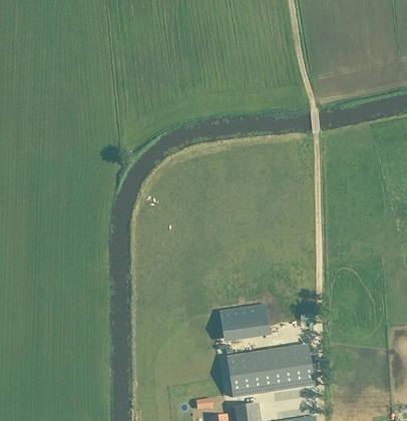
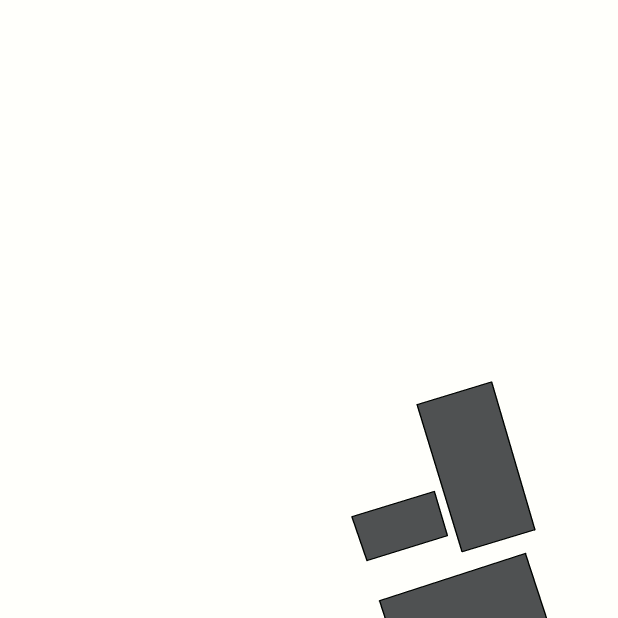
building: none -> [417,382,535,552]

